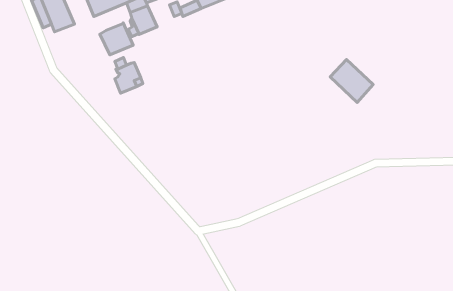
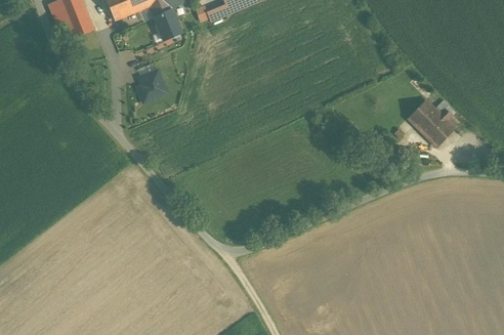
building: [100,23,133,55] -> none
building: [330,59,373,103] -> [411,101,457,148]

